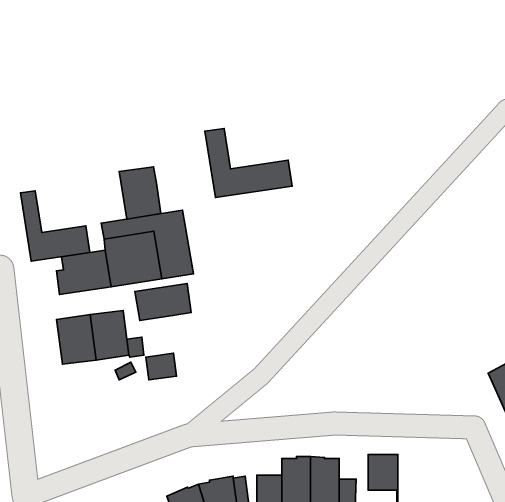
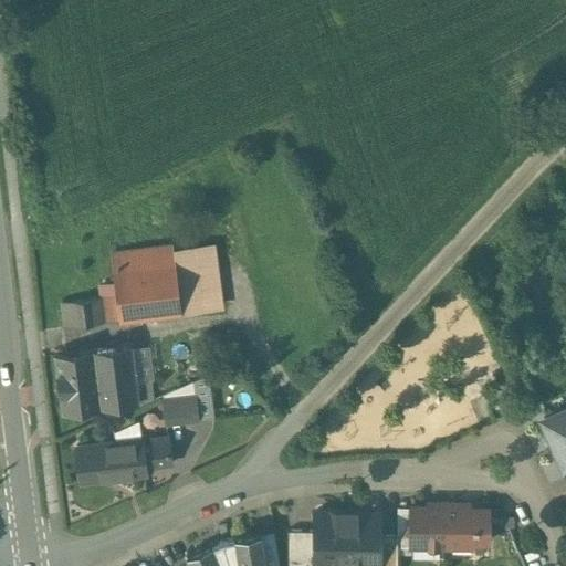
building: [205,128,292,198] -> none
building: [119,167,161,219] -> none
building: [20,191,90,261] -> none
building: [135,283,191,321] -> none
building: none -> [78,442,171,485]
building: none -> [446,512,489,552]

